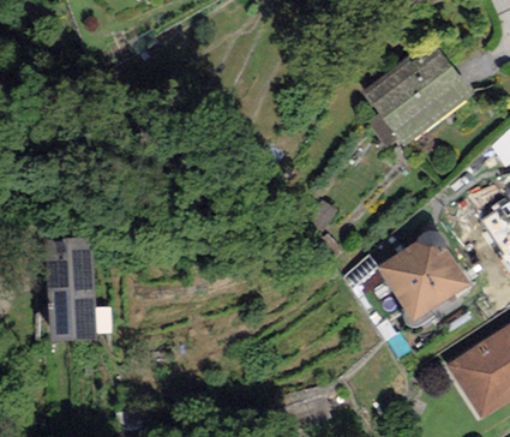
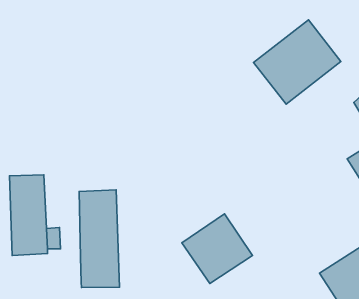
building: [377,229,468,319] -> [182,214,252,283]
building: none -> [79,190,119,288]

